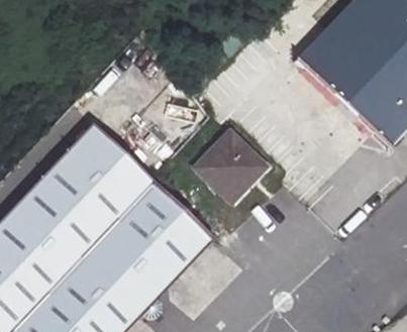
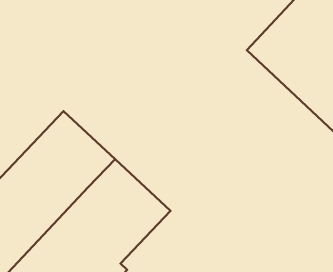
building: [198,131,265,203] -> none

